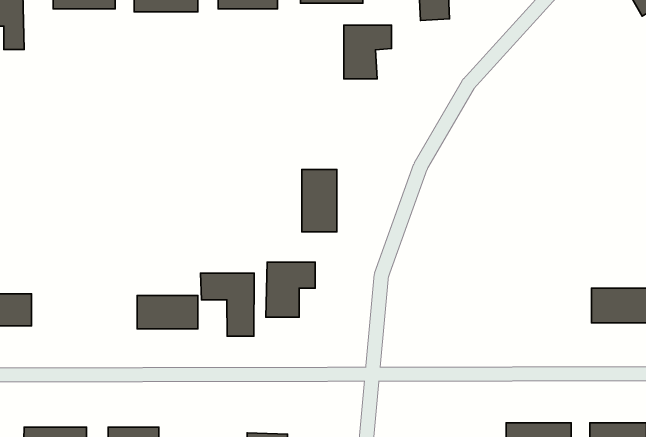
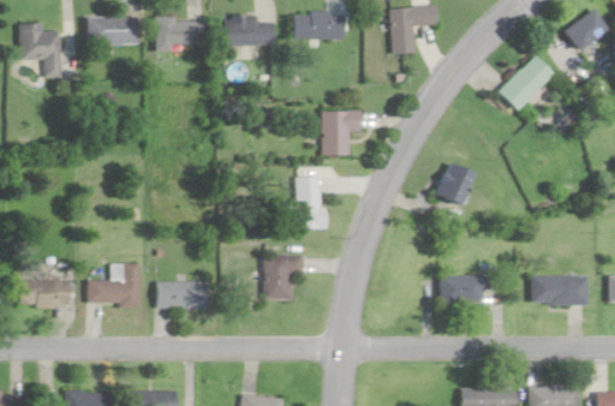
building: none -> [497,54,553,108]
building: [344,25,392,79] -> [323,109,363,154]
building: none -> [435,162,473,205]
building: [200,273,254,336] -> none
building: none -> [88,263,139,305]
building: none -> [441,276,489,301]

